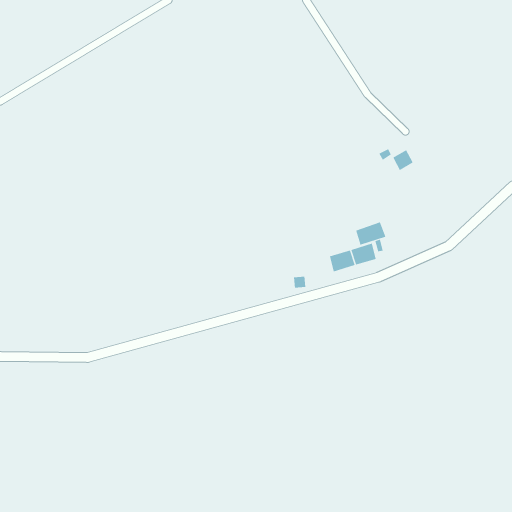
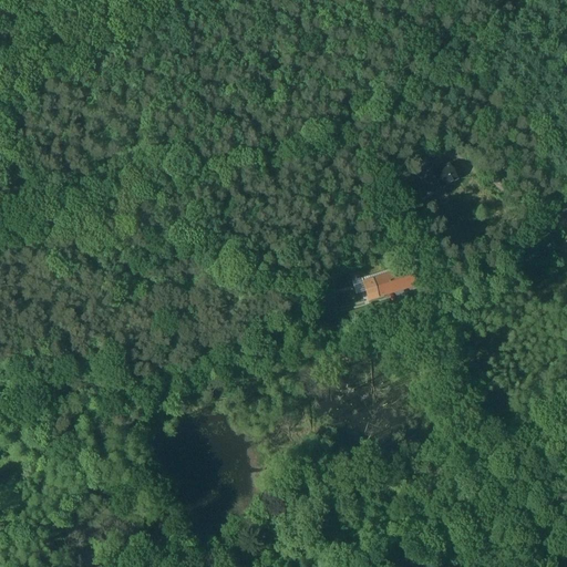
building: [356,222,386,245] -> none

